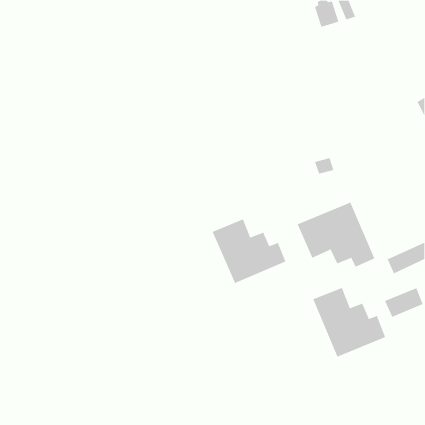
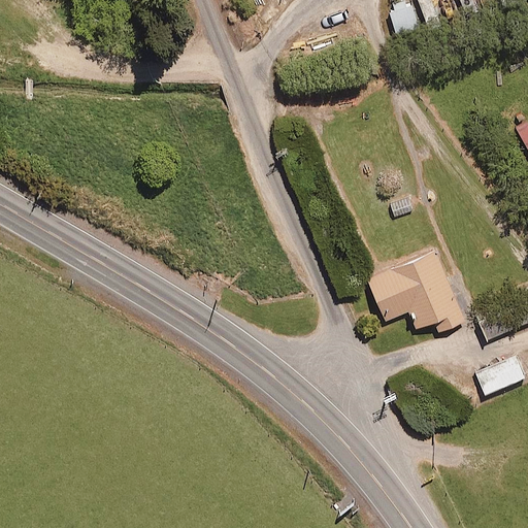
building: [212,219,286,284] -> none
building: [313,287,386,357] -> none

